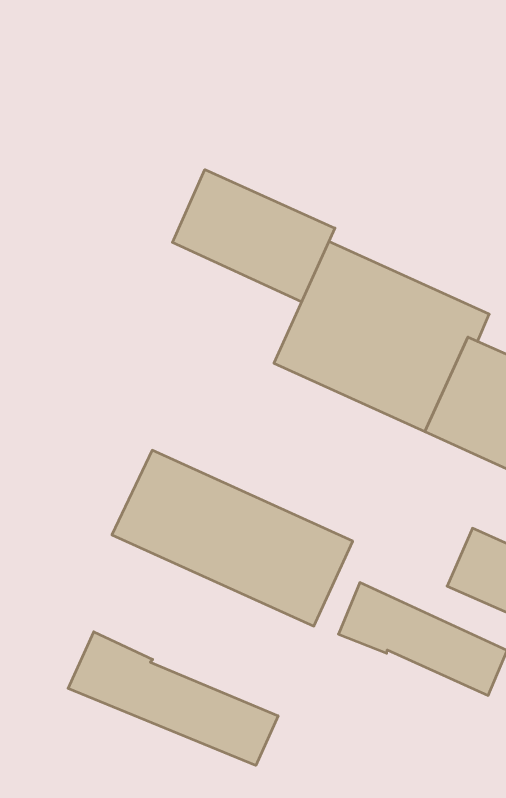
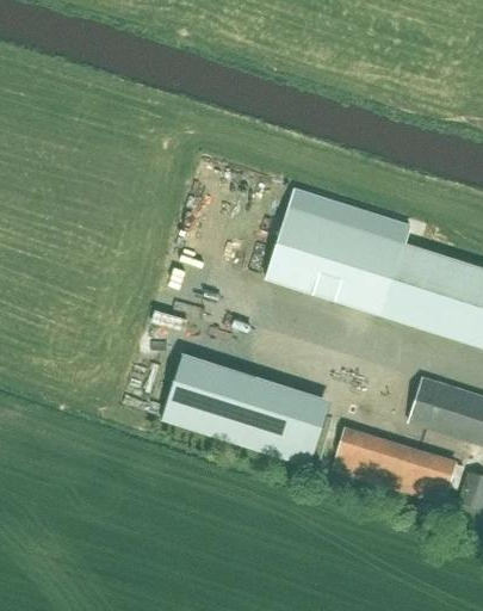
building: [172,170,335,302] -> none
building: [68,632,278,765] -> none

